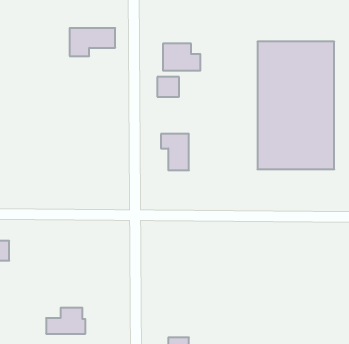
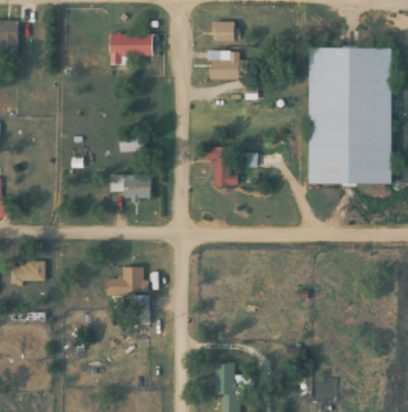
building: [157,77,179,97] -> [211,21,234,42]
building: none -> [108,175,150,199]
building: [46,308,85,334] -> [105,267,147,295]

